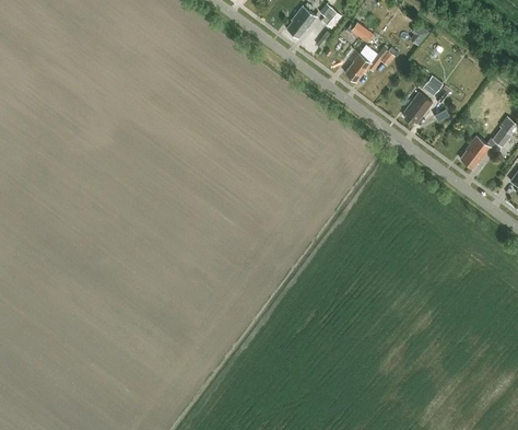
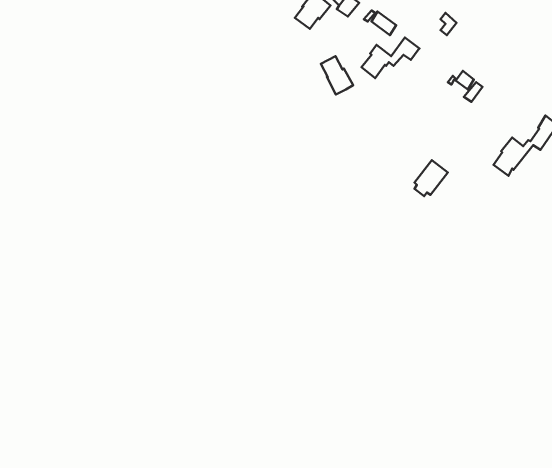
building: none -> [321,56,353,95]
building: [403,92,433,124] -> [414,160,448,196]

